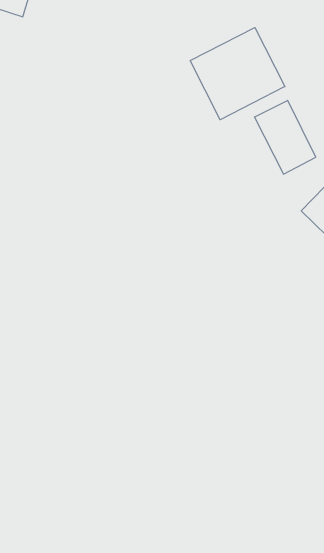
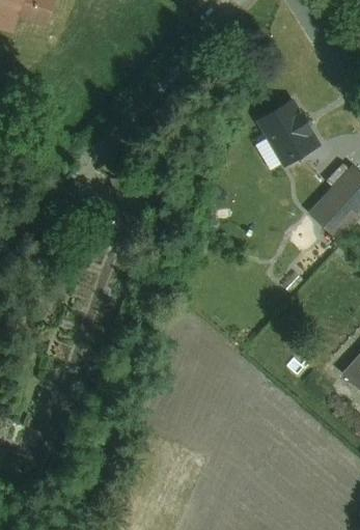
building: [190,28,285,120] -> none

